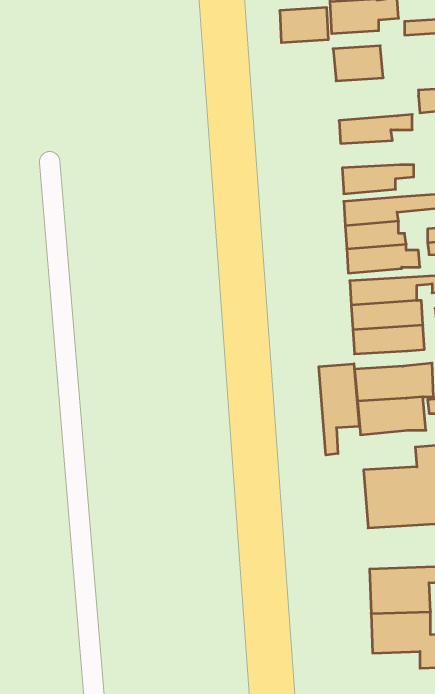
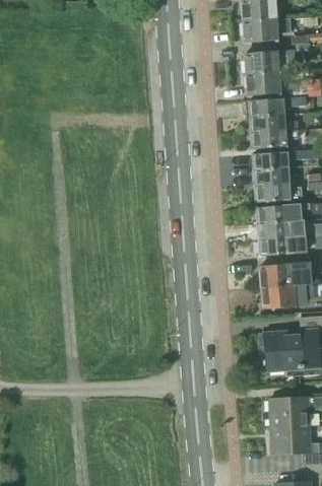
building: [280,8,328,43] -> [246,72,278,95]
building: none -> [249,114,298,132]
building: [319,364,359,455] -> none

